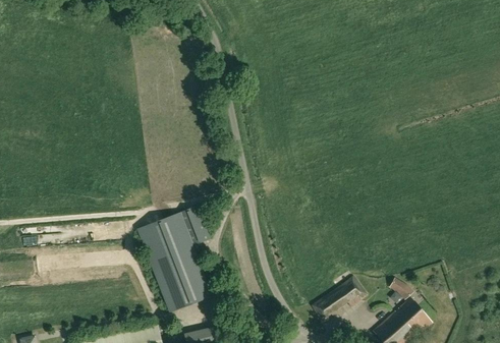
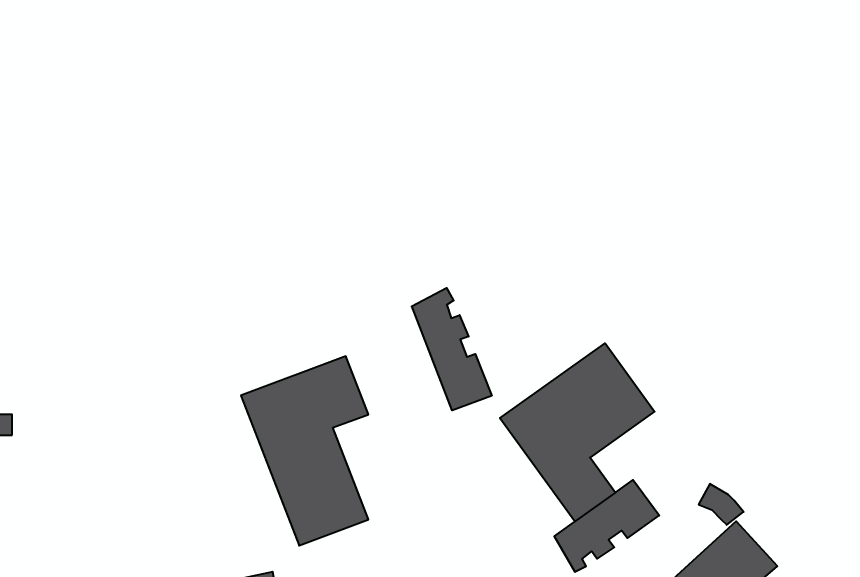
building: none -> [412,288,492,410]
building: none -> [500,343,655,521]

